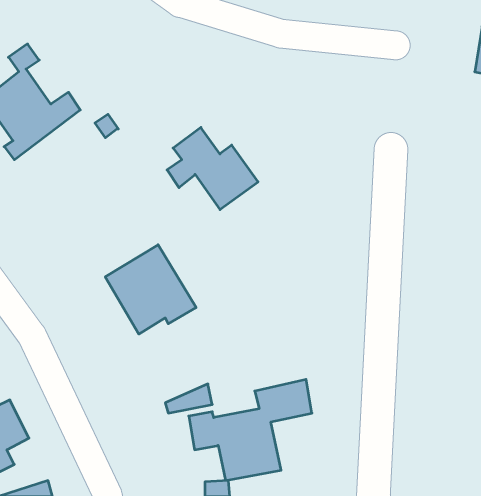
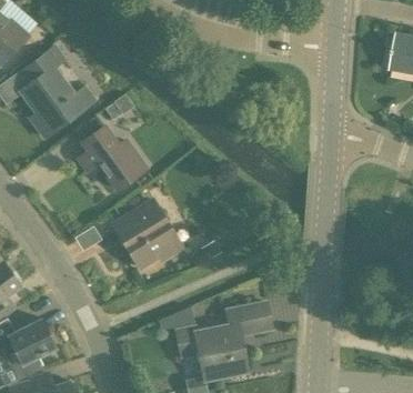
building: [167,127,258,210] -> [78,127,147,189]

